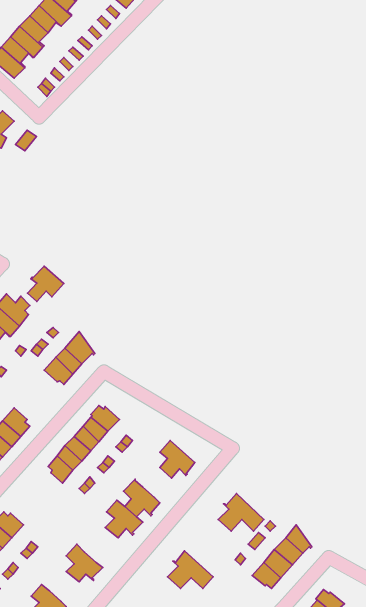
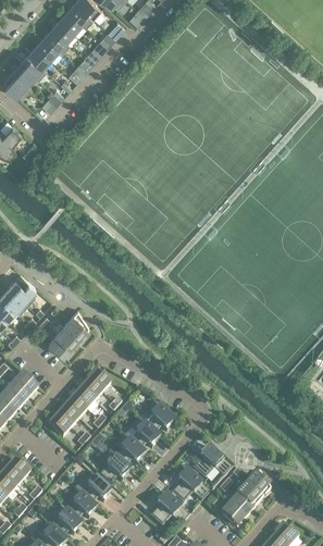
building: [28,266,64,301] -> none
building: none -> [122,419,158,450]
building: none -> [170,472,208,502]
building: none -> [79,473,109,505]
building: none -> [49,507,79,537]

